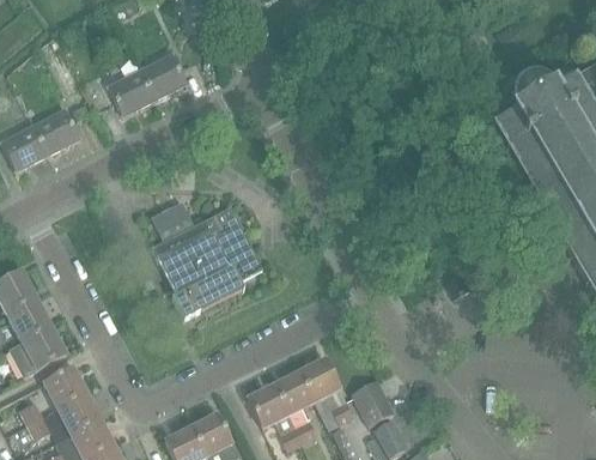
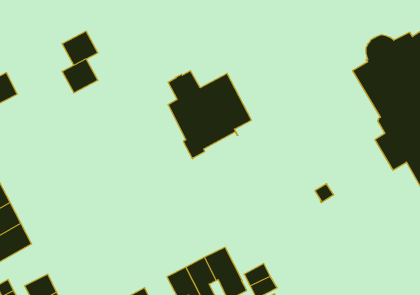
building: [140,53,188,98] -> [62,59,98,93]
building: [34,108,80,153] -> none
building: [152,201,263,319] -> [168,71,251,159]
building: [44,367,89,410] -> none

